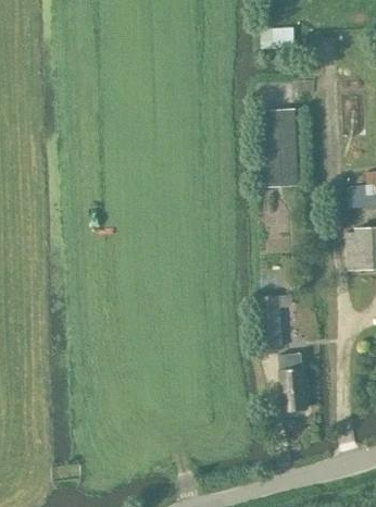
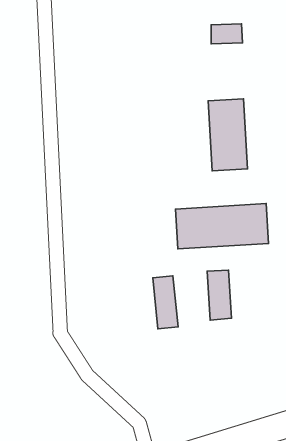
building: none -> [175,204,268,249]
building: [278,353,305,410] -> [153,276,178,329]

